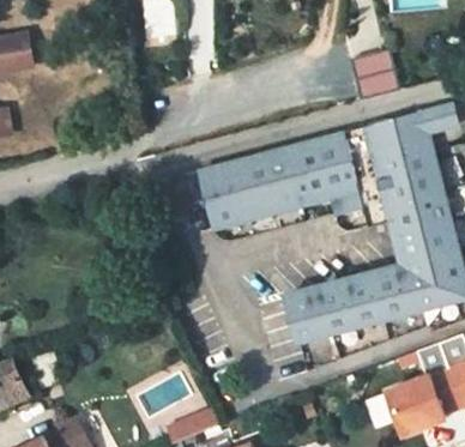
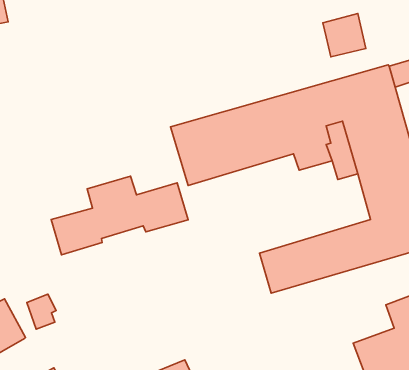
building: none -> [51,176,188,255]

